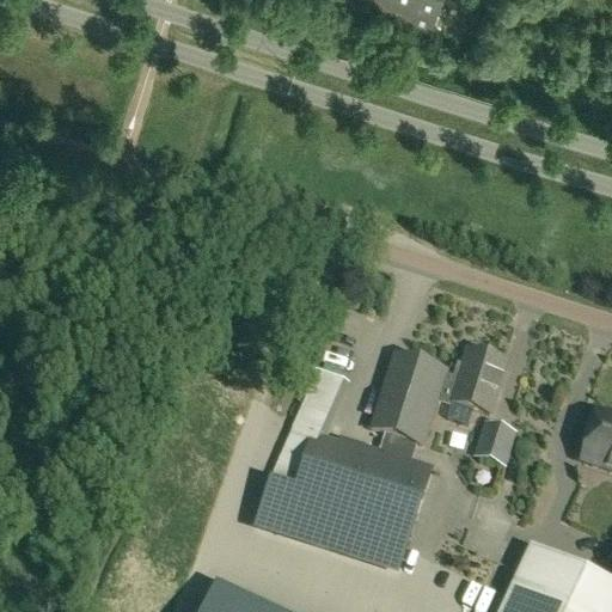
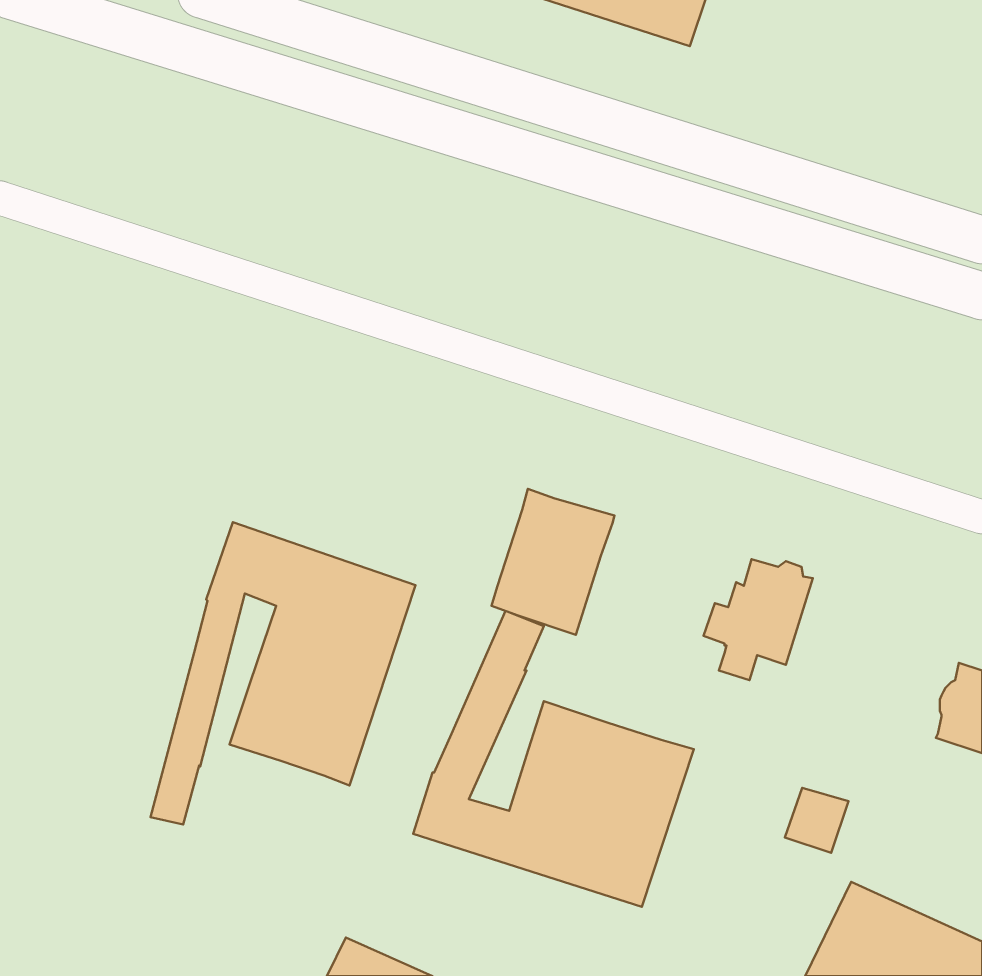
building: none -> [151,522,415,824]
building: [369,354,446,445] -> [491,489,614,635]
building: [475,423,514,464] -> [785,788,848,853]

